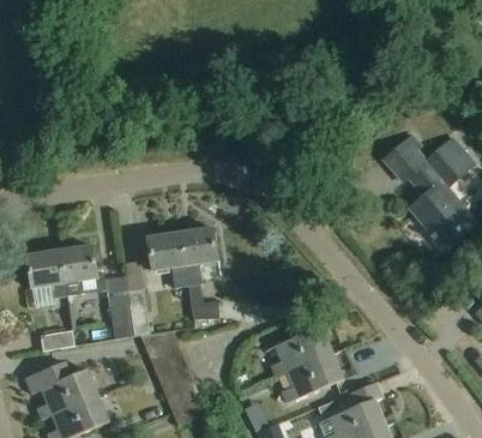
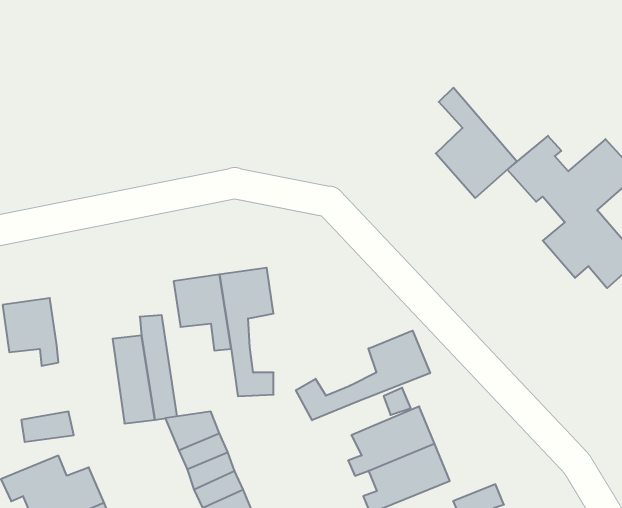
building: none -> [436,88,517,198]
building: [60,246,106,295] -> none
building: none -> [296,331,430,420]

